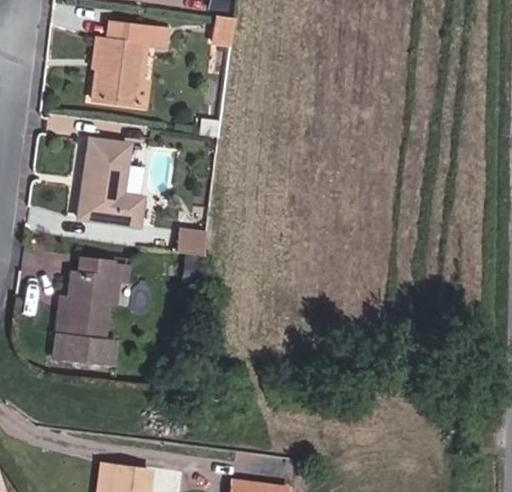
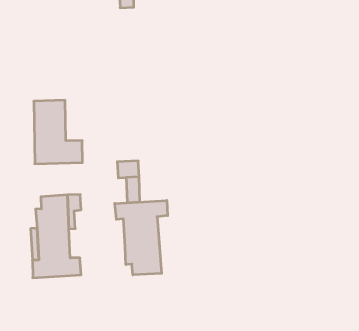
building: [94,23,167,106] -> none
building: none -> [115,200,168,275]

